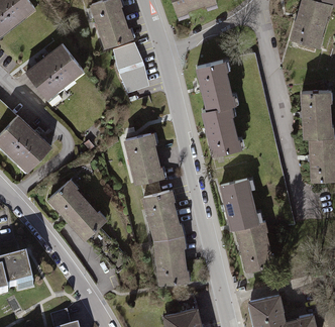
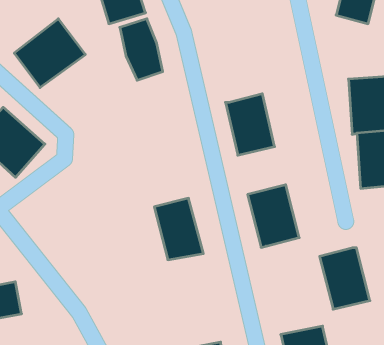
building: [192,57,234,109] -> none
building: [124,131,162,182] -> none
building: [48,177,108,238] -> none
building: [233,220,274,270] -> [320,248,370,309]
building: [152,233,187,284] -> none

